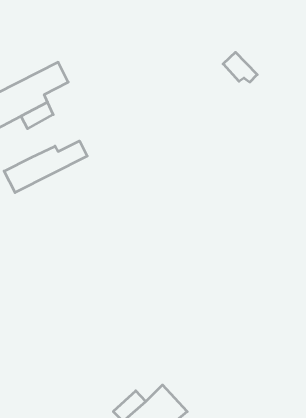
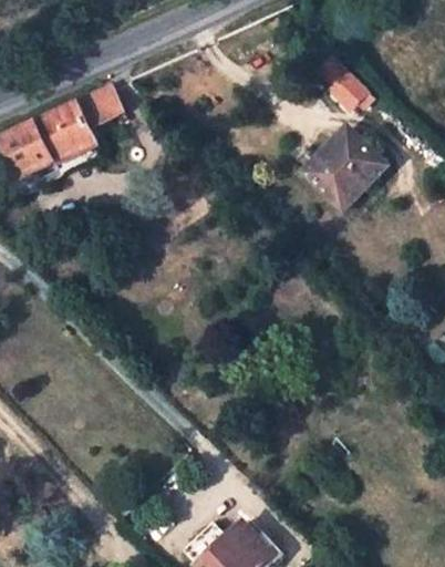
building: none -> [306,138,390,214]
building: [4,141,87,193] -> none

